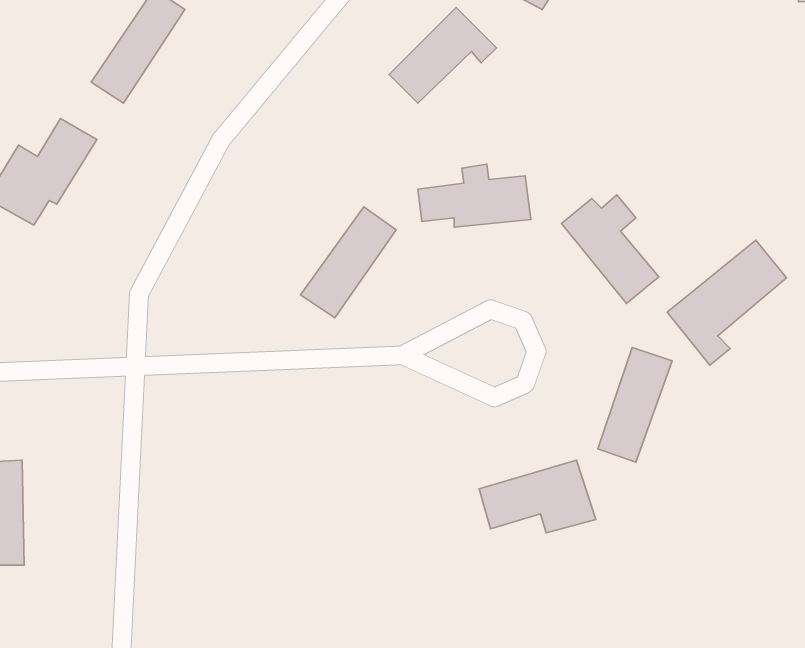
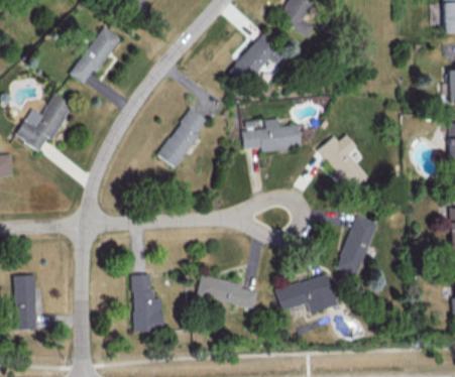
building: [301,207,396,318] -> [158,108,209,166]
building: [667,240,787,365] -> none
building: none -> [132,274,163,332]
building: none -> [197,274,258,307]

